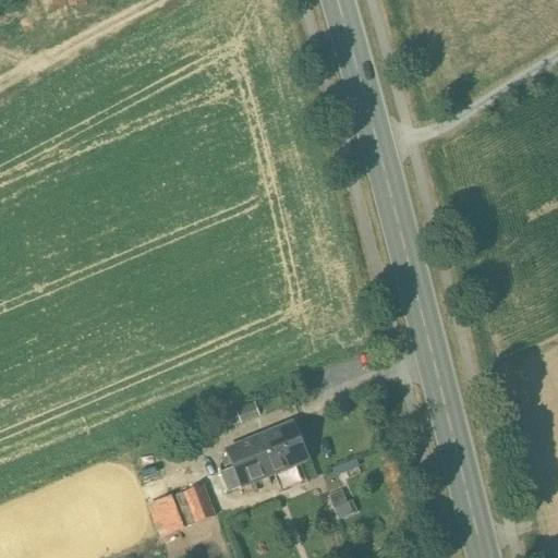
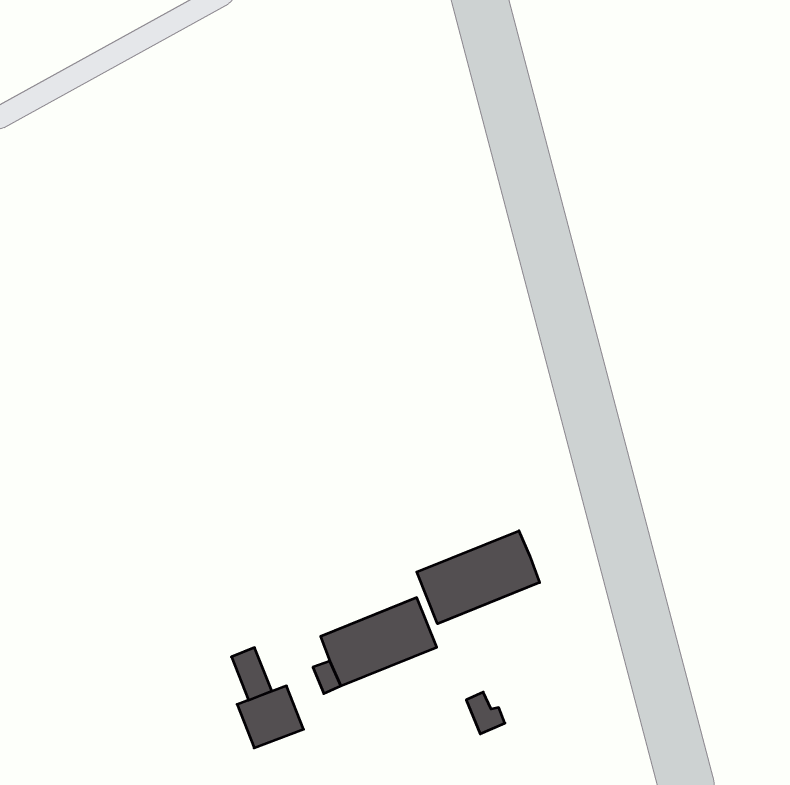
building: none -> [417,531,540,624]
building: [150,496,179,533] -> [231,648,272,700]

